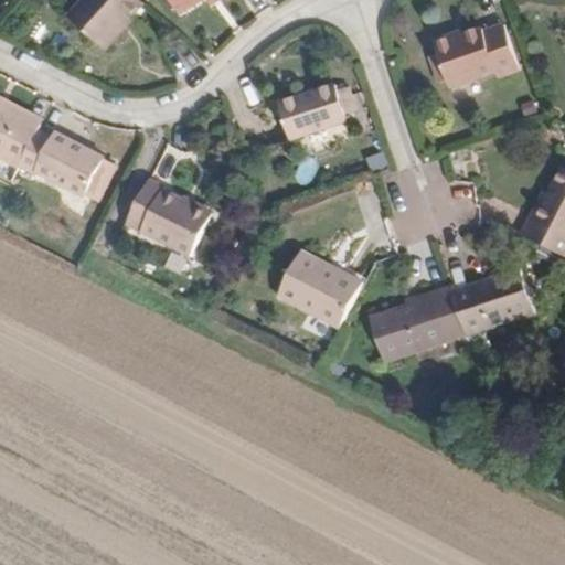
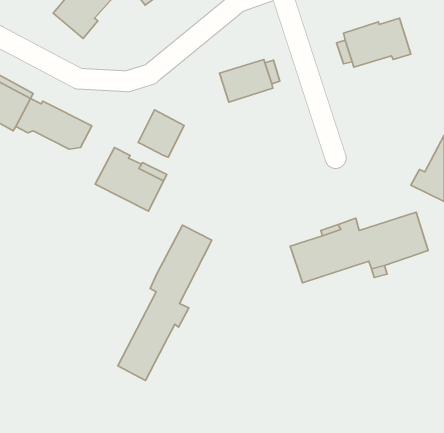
building: none -> [138,110,184,157]
building: [273,252,361,330] -> none
building: none -> [118,225,212,381]

